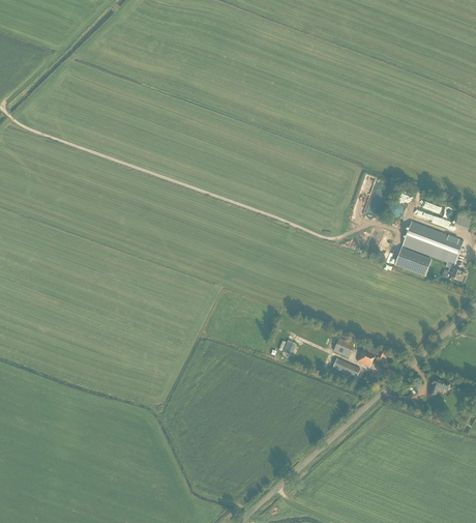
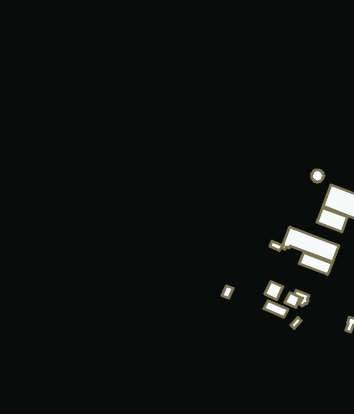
building: none -> [270,227,339,275]

